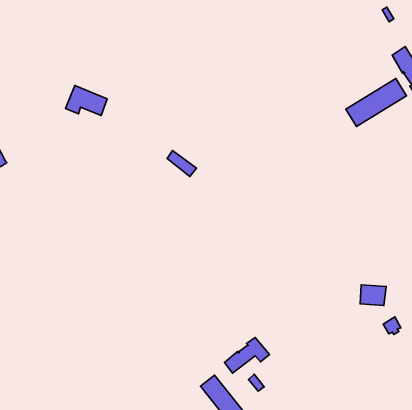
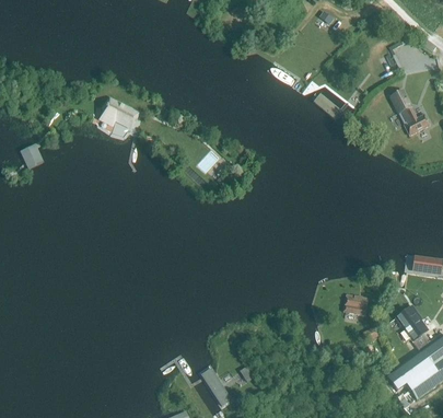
building: [346,78,407,127] -> none
building: [225,337,269,373] -> none

